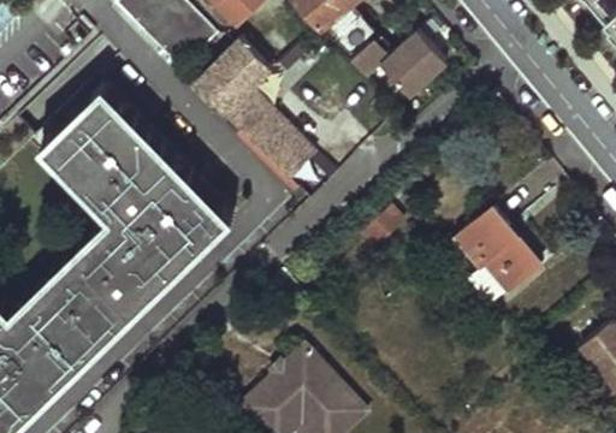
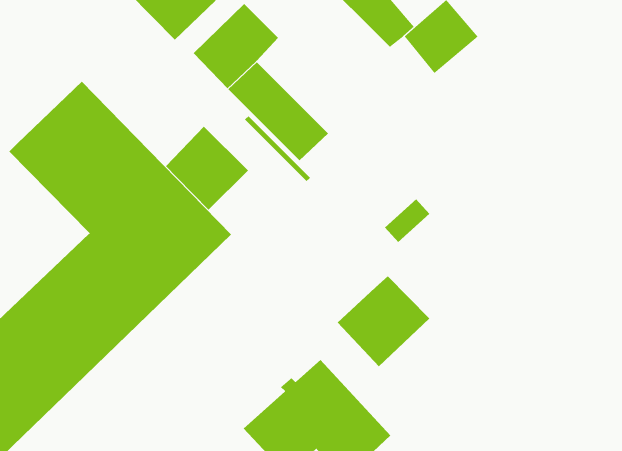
building: none -> [165,126,249,211]
building: [455,197,541,297] -> none
building: none -> [337,275,430,367]

